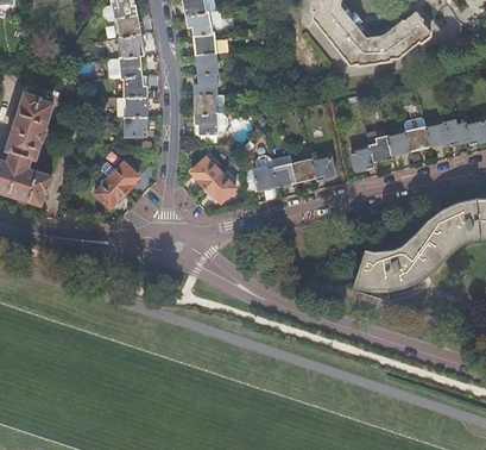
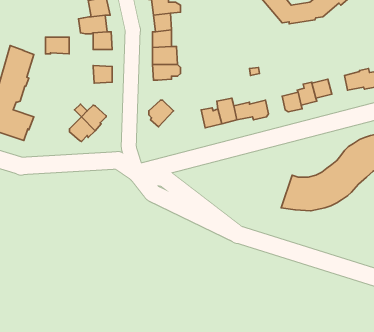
building: [118,96,146,117] -> [45,37,69,54]
building: [403,115,429,150] -> none
building: [202,170,235,202] -> none

